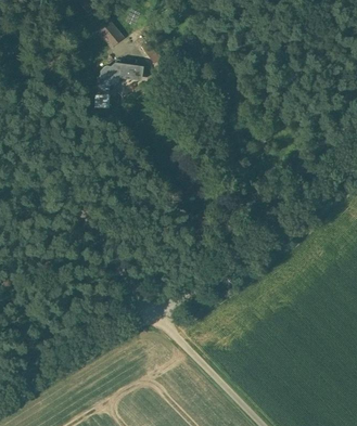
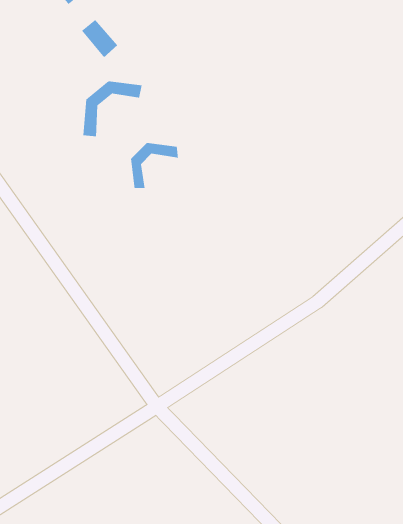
building: none -> [131,142,178,189]

